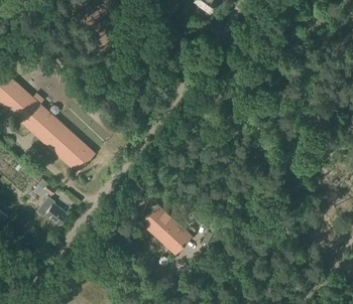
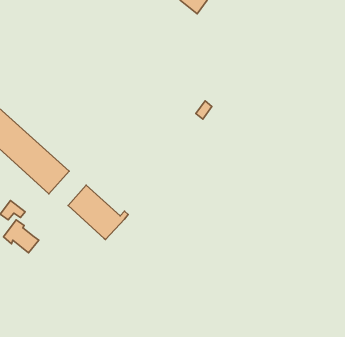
building: [141,204,195,253] -> [68,185,128,240]

